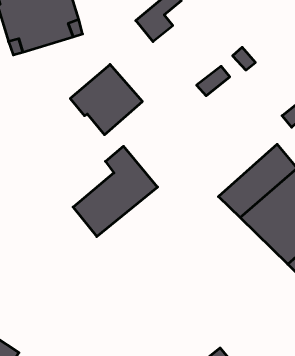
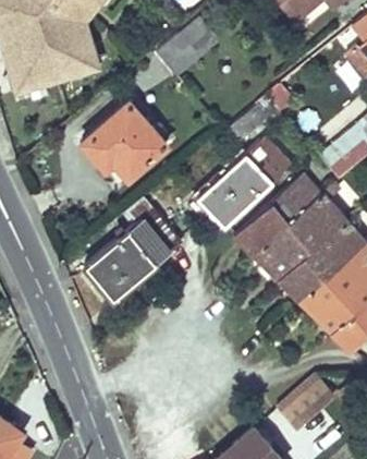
building: none -> [196,138,290,227]
building: none -> [234,176,320,255]
building: none -> [278,376,335,431]

